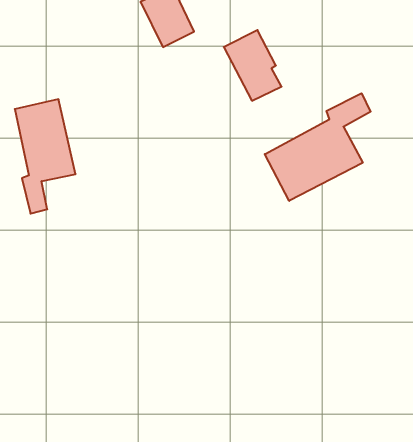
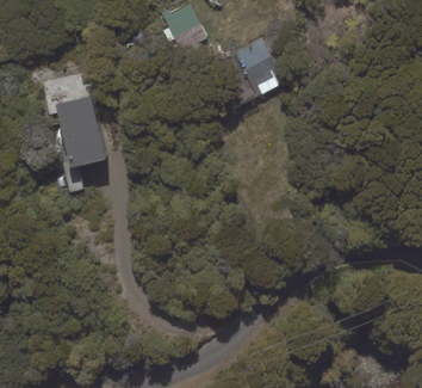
building: [265,93,371,201] -> none

